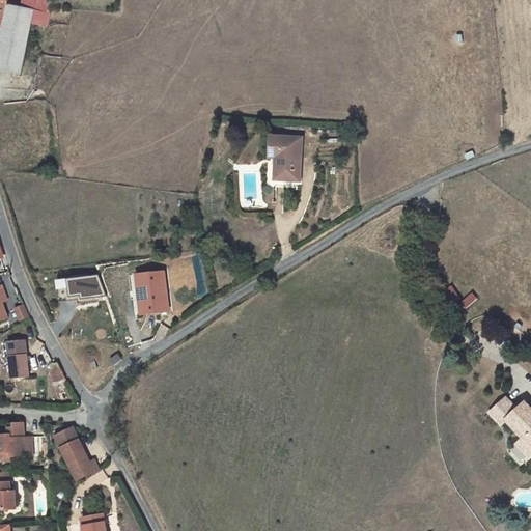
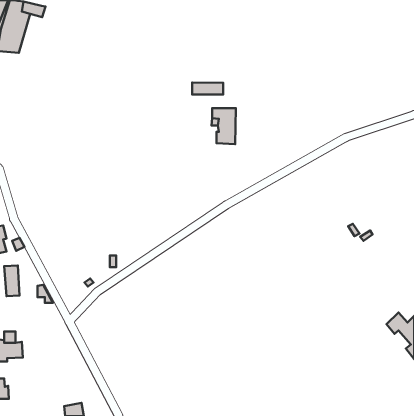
building: none -> [192,82,223,95]
building: [140,272,166,313] -> none
building: [68,275,104,299] -> none
building: [55,427,101,480] -> none

